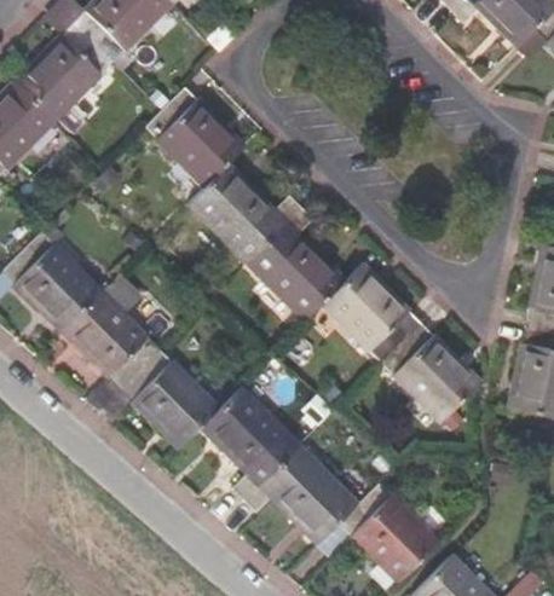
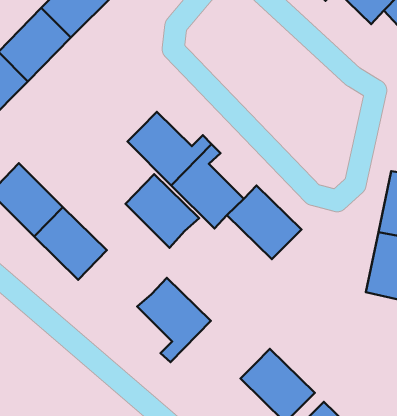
building: [145,88,244,187] -> none
building: [382,323,481,422] -> none
building: [121,351,220,450] -> [126,174,199,248]
building: [246,446,359,544] -> none

